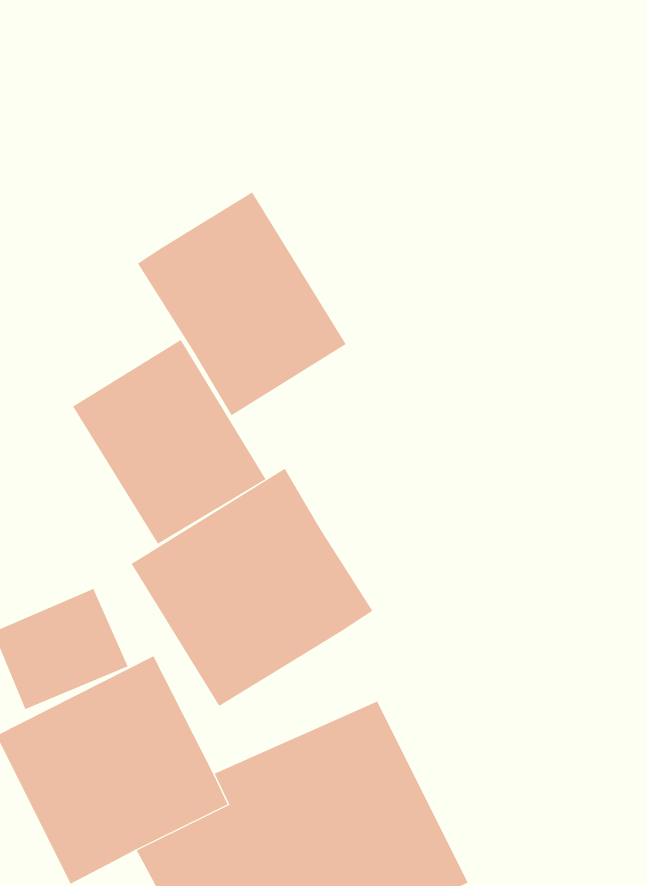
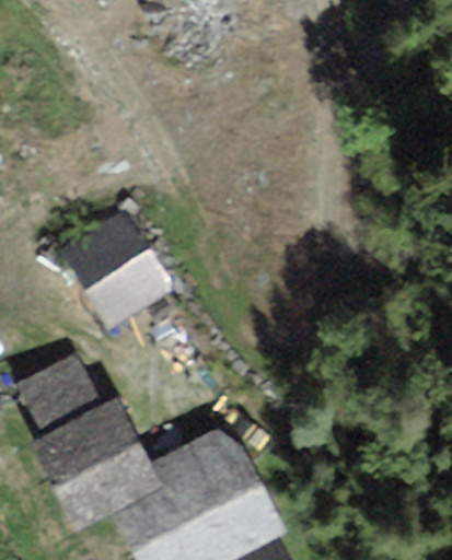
building: [137,192,346,416] -> none
building: [131,468,373,707] -> none

